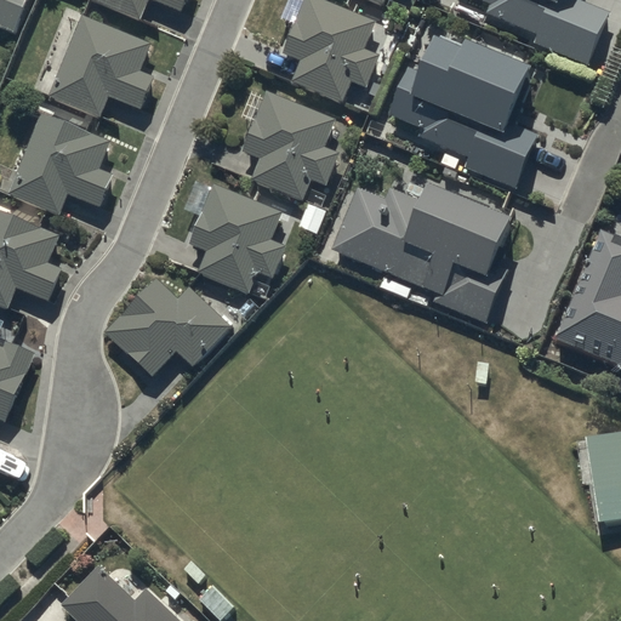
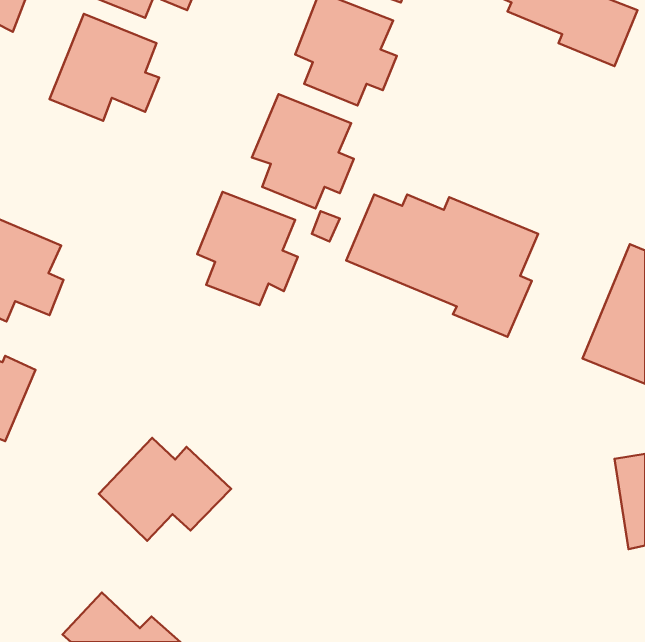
building: [388,41,536,187] -> none
building: [7,112,112,213] -> none
building: [104,278,230,376] -> [99,438,231,541]

